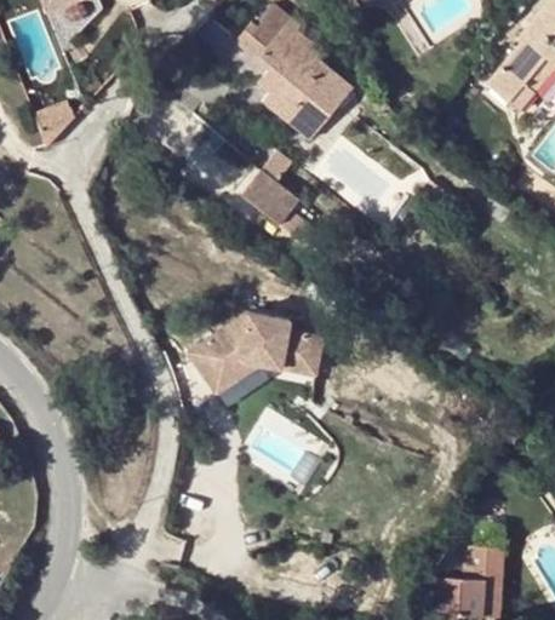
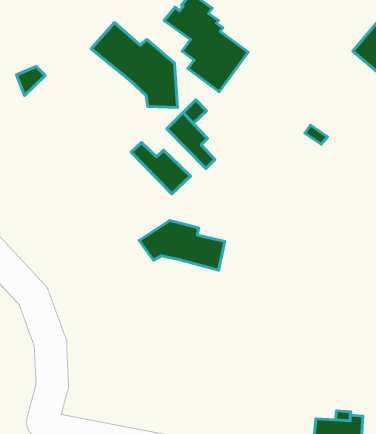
building: none -> [91,23,177,107]
building: none -> [131,142,190,194]
building: [182,338,254,392] -> none

